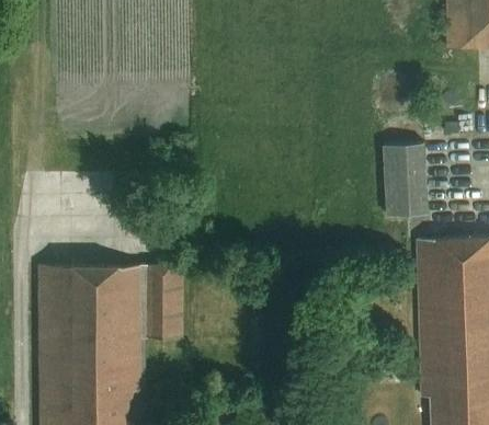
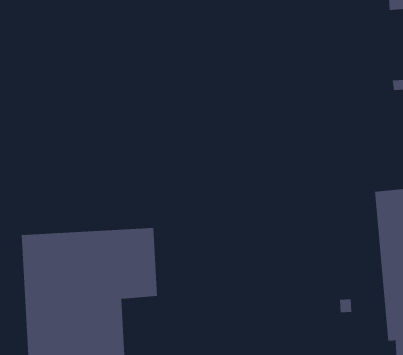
building: [384,145,430,218] -> none

